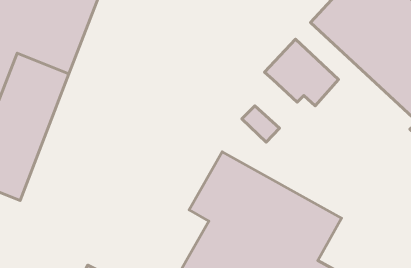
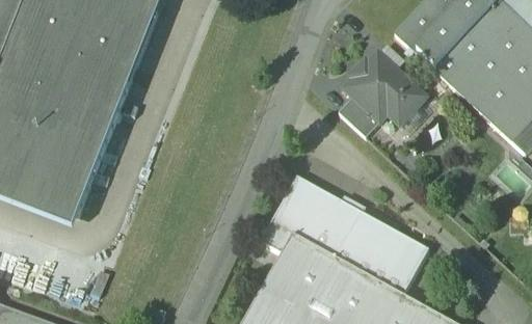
building: [242,106,279,142] -> [339,95,380,135]

